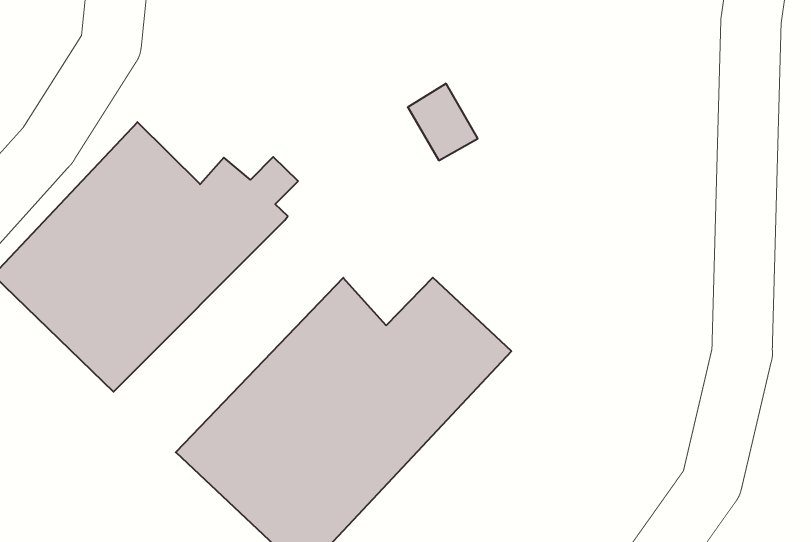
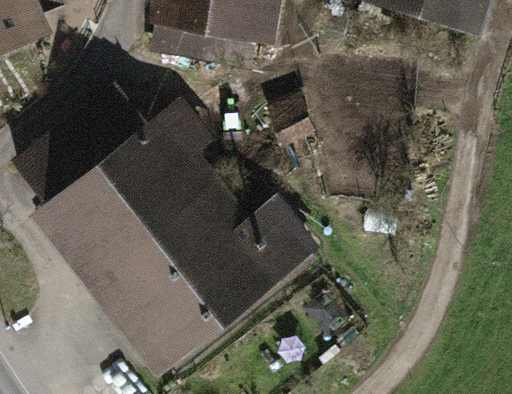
building: none -> [79,161,220,283]

